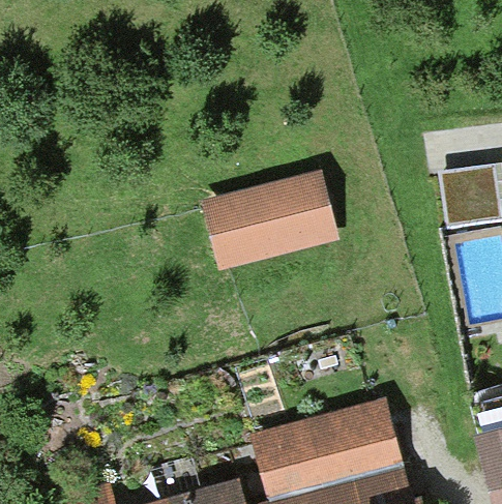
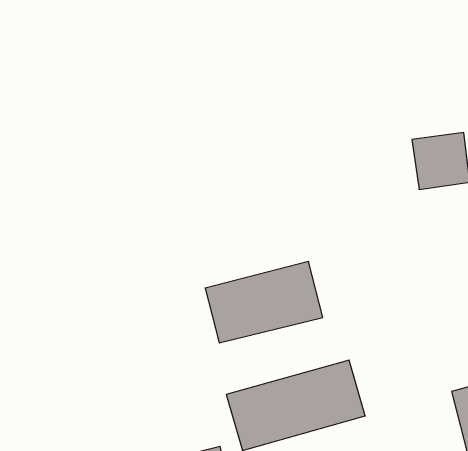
building: [210,178,330,261] -> [205,262,323,343]

